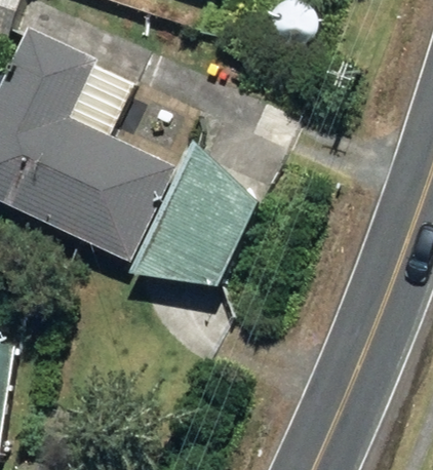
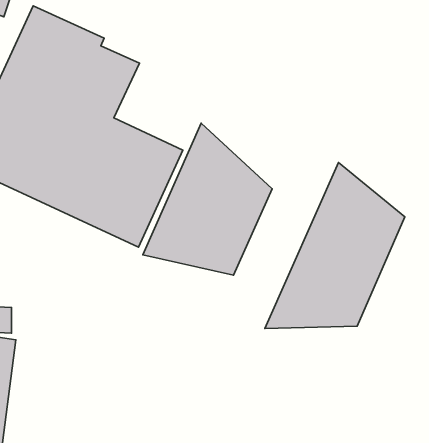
building: none -> [265,163,405,328]

